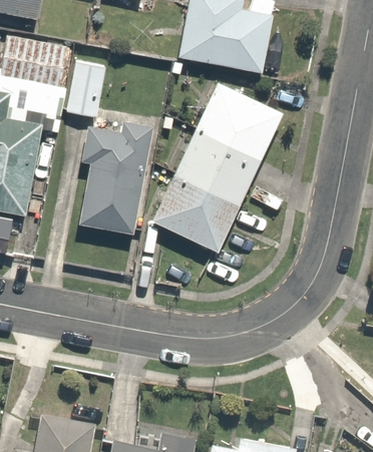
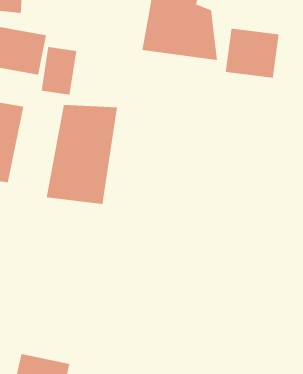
building: none -> [225,28,279,79]
building: [151,84,283,253] -> none

